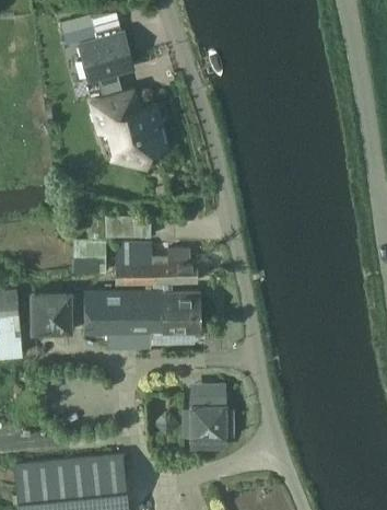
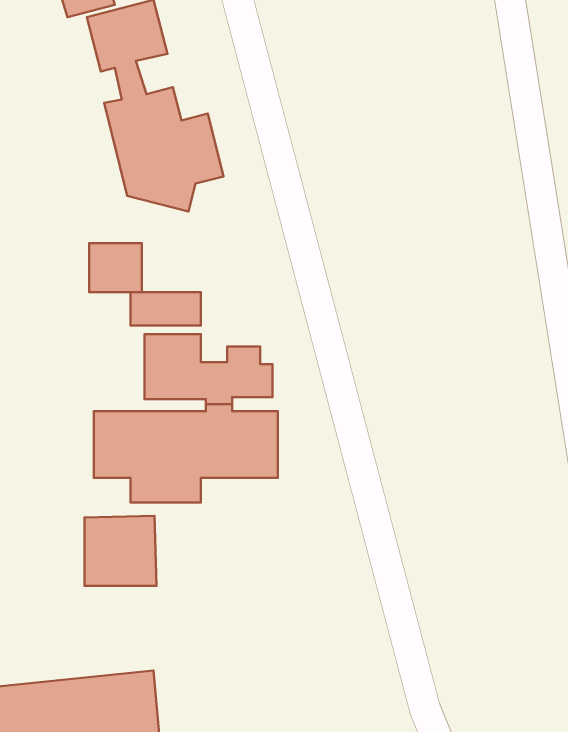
building: [73,243,106,274] -> [89,243,142,292]
building: [32,288,77,332] -> [85,516,156,586]
building: [192,397,226,449] -> none

